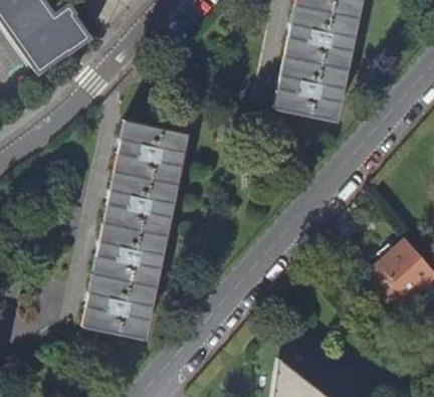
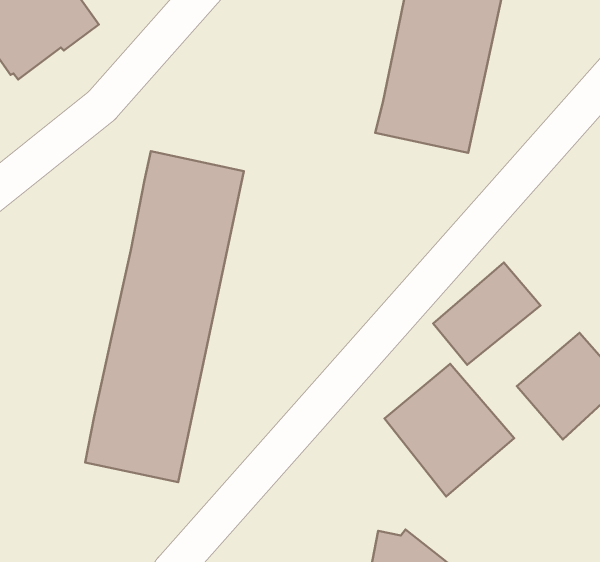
building: none -> [433,263,540,365]
building: none -> [385,364,514,497]

